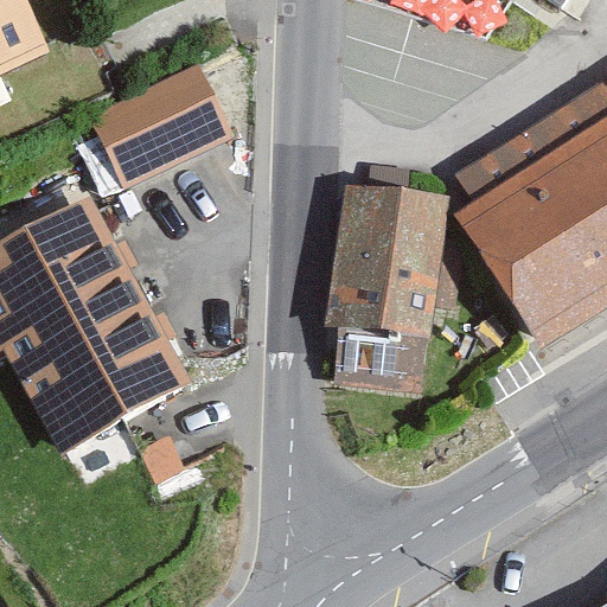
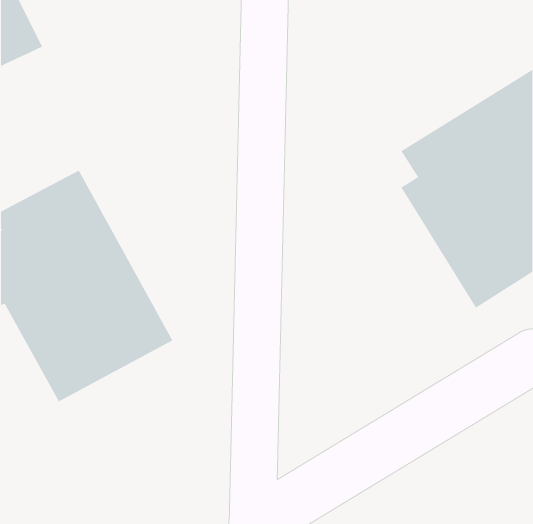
building: [87,57,235,187] -> none
building: [324,183,446,389] -> none

